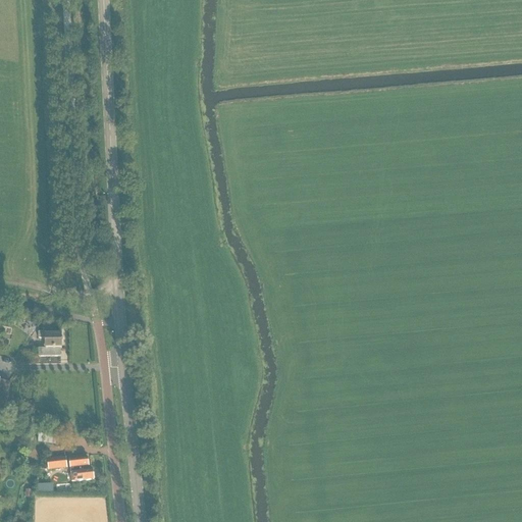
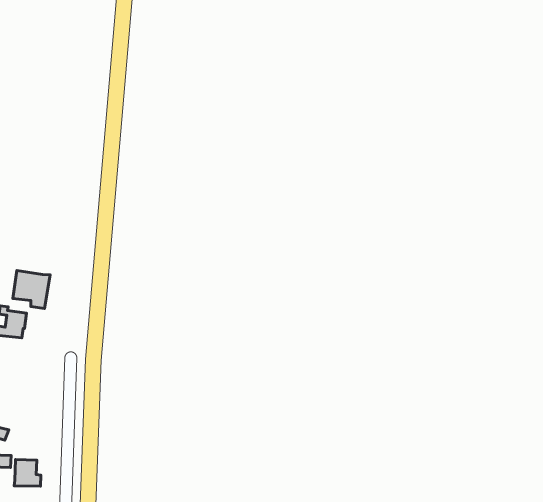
building: none -> [13,271,50,309]

